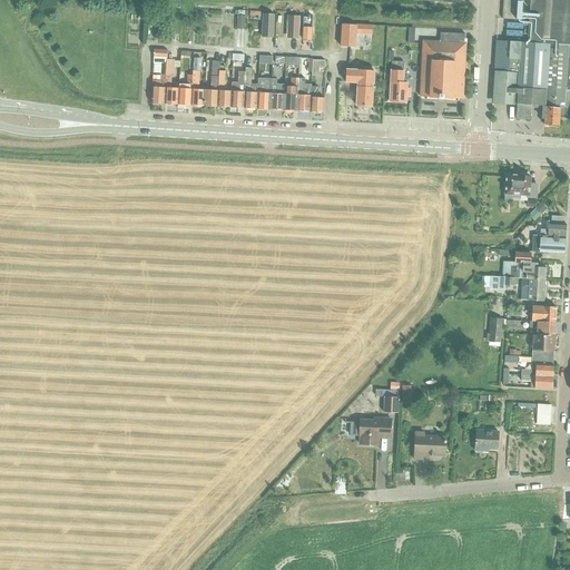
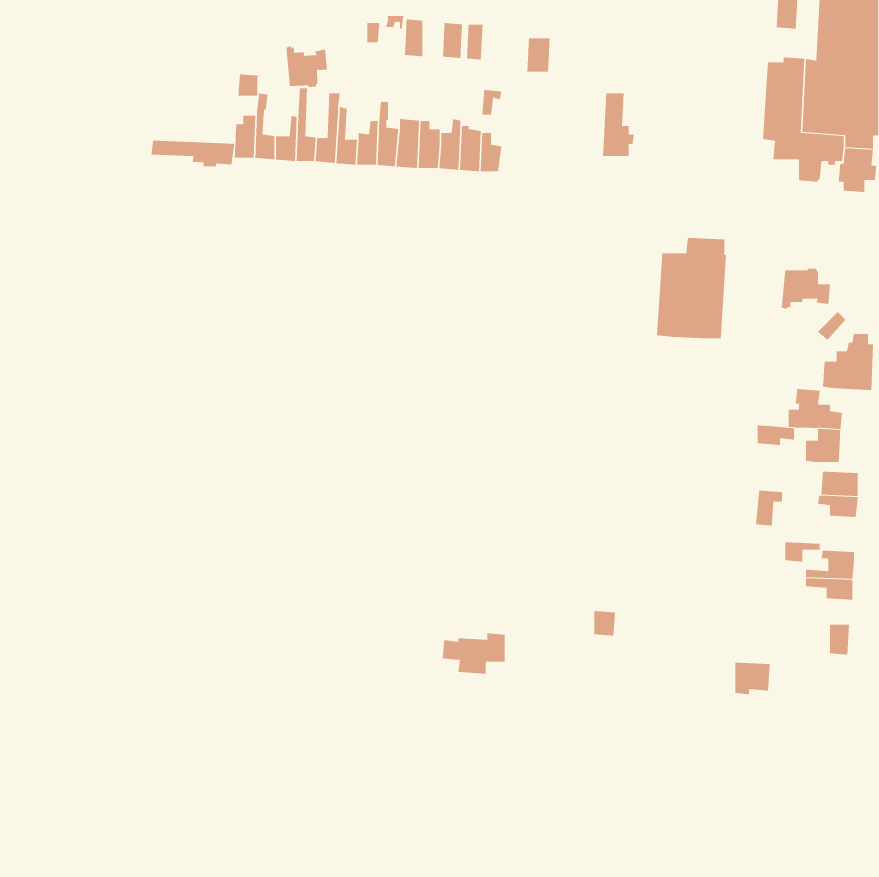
building: none -> [286,45,327,88]
building: [420,31,465,97] -> [656,237,727,339]
building: [345,69,374,106] -> none
building: none -> [151,140,235,167]
building: [532,334,554,357] -> none
building: [350,417,391,444] -> [442,633,506,674]
building: [414,431,446,459] -> none

